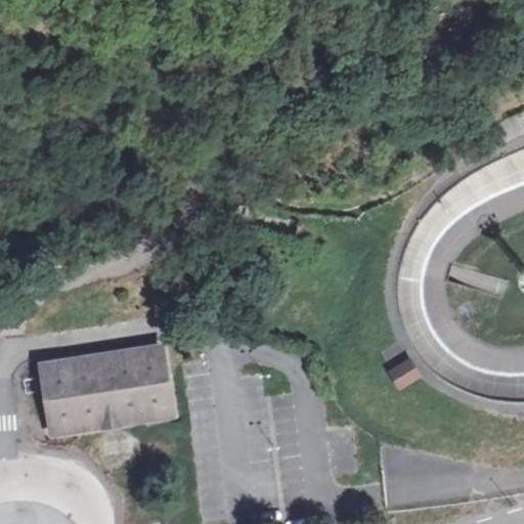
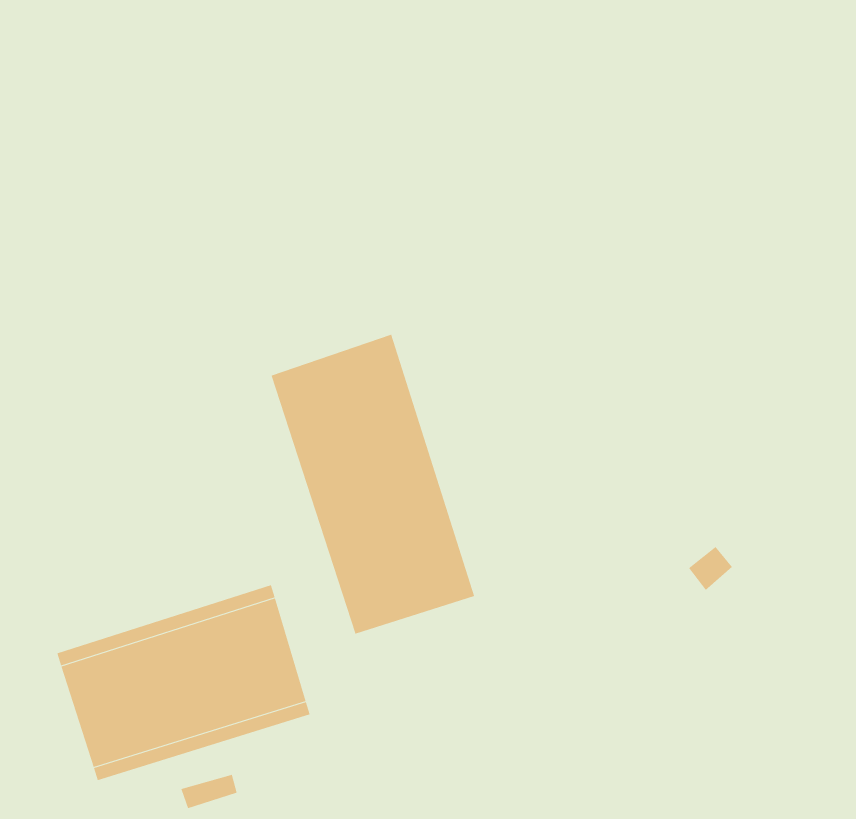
building: none -> [271,334,475,635]

